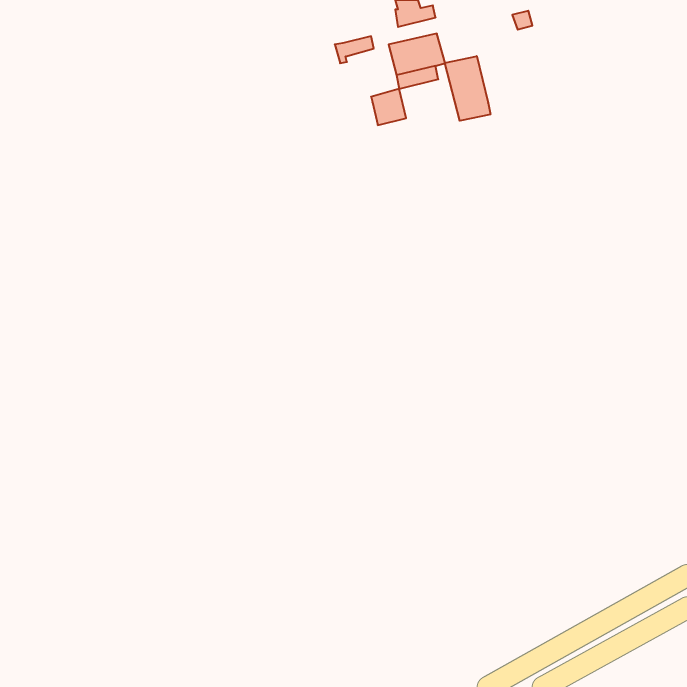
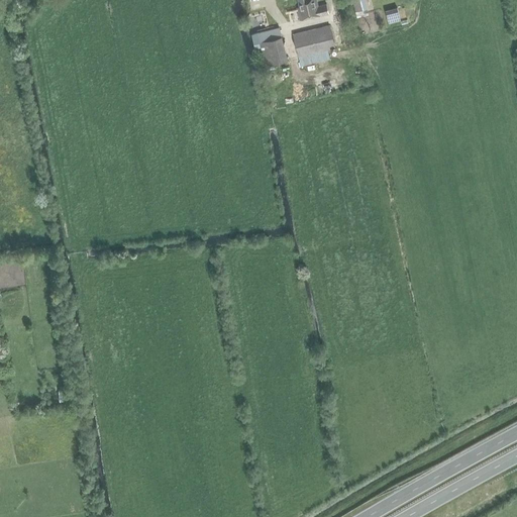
building: [445,56,490,121] -> none
building: [371,89,406,125] -> [260,36,286,64]

